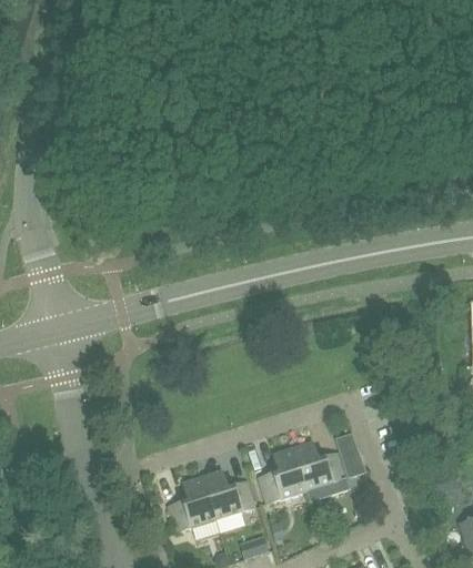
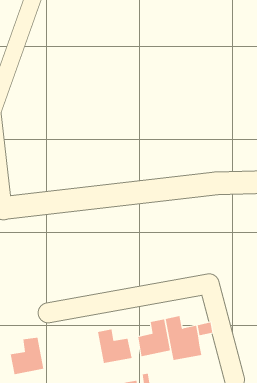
building: [167,476,215,531] -> [10,337,44,375]

